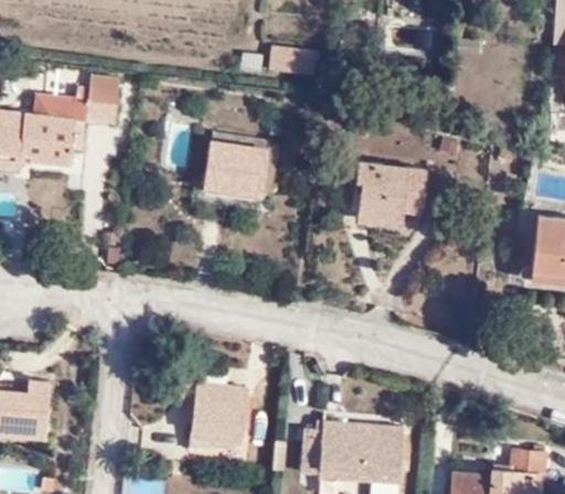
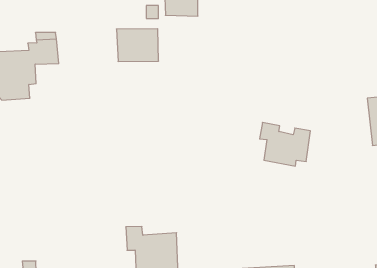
building: [203,138,263,189] -> [116,29,159,61]
building: [353,163,424,228] -> [260,122,310,166]

